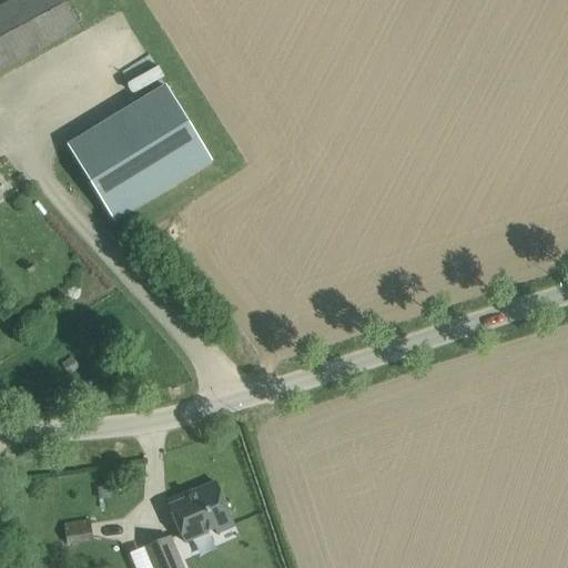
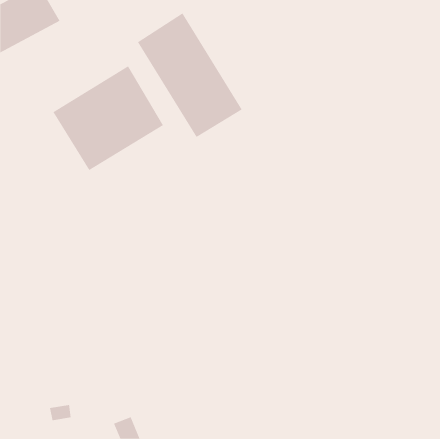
building: none -> [137,12,242,138]
building: [169,481,231,540] -> none

